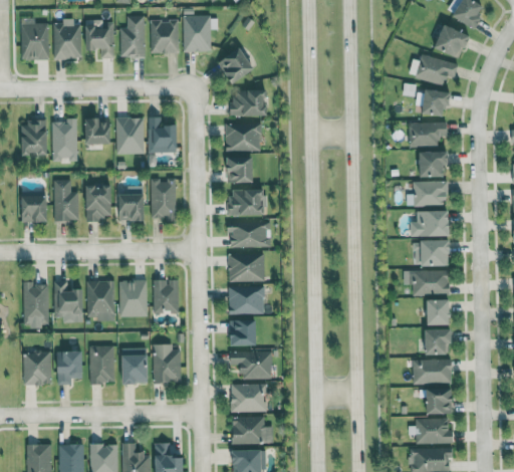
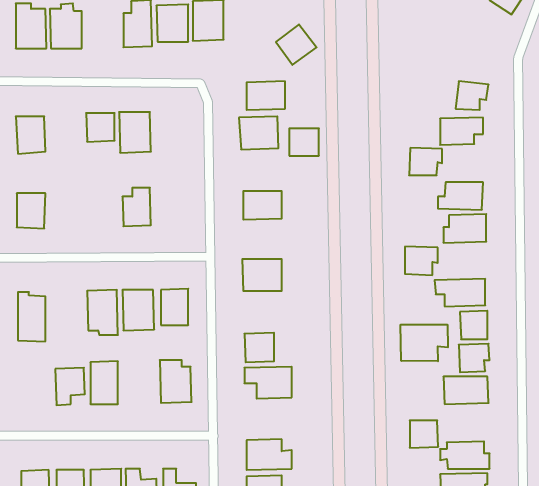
building: [85,21,114,58] -> none
building: [435,24,471,58] -> none
building: [219,47,256,84] -> [276,24,317,65]
building: [415,55,459,85] -> none
building: [148,116,176,153] -> none
building: [51,119,77,160] -> none
building: [420,152,450,177] -> [409,148,442,175]
building: [227,158,254,183] -> [289,128,319,156]
building: [150,179,178,221] -> none
building: [53,180,78,222] -> none
building: [85,186,112,222] -> none
building: [229,222,271,249] -> none
building: [423,240,453,266] -> [405,247,438,275]
building: [53,281,82,322] -> none
building: [228,286,265,315] -> none
building: none -> [401,325,448,361]
building: [121,347,150,385] -> none
building: [23,351,51,387] -> none
building: [231,384,267,413] -> none
building: [428,390,454,415] -> [410,420,438,448]

